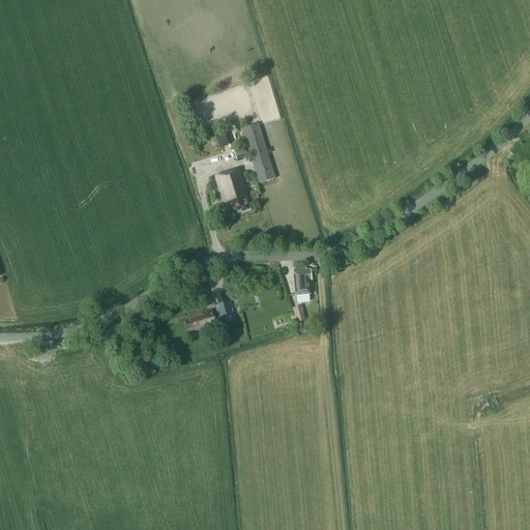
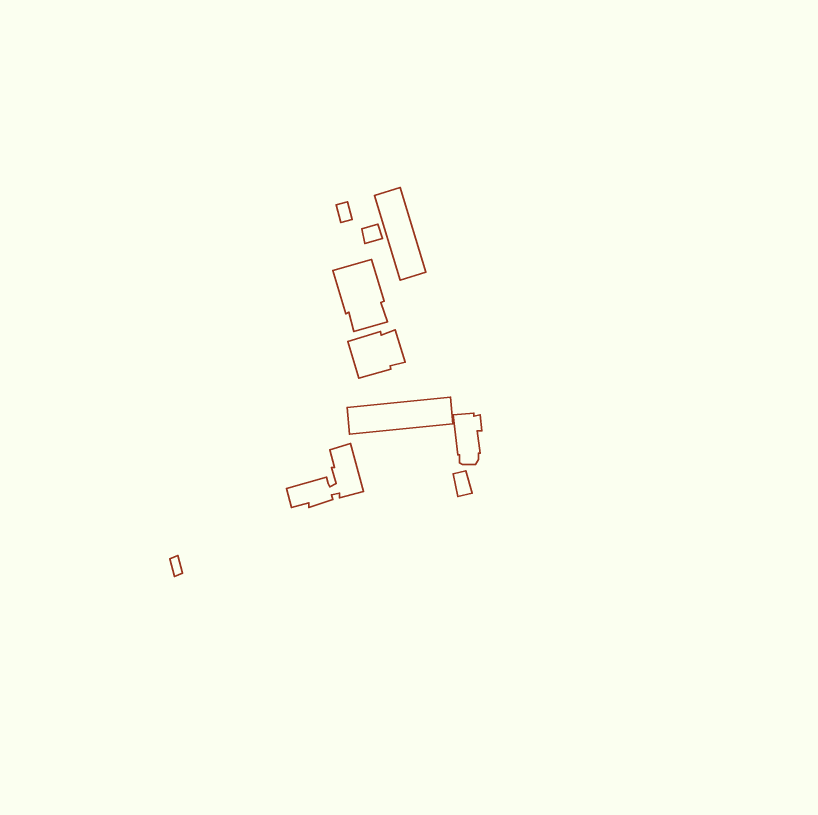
building: none -> [348,330,405,378]
building: none -> [347,397,453,434]

